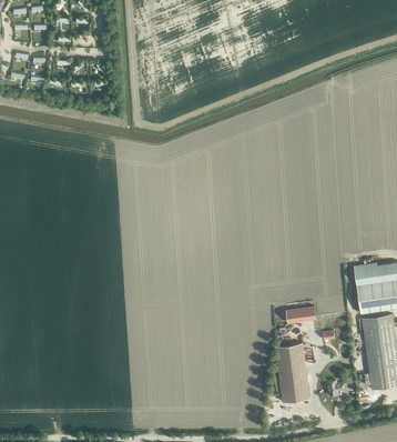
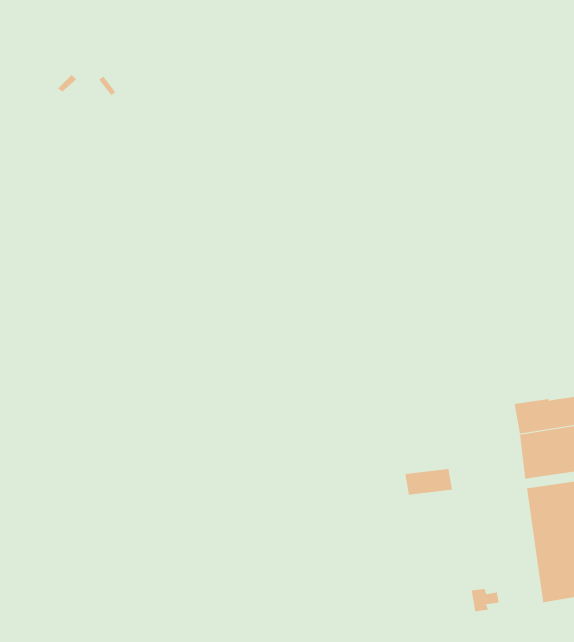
building: [275,343,311,402] -> none

